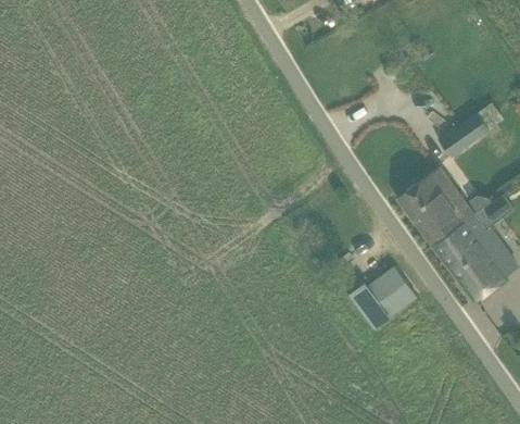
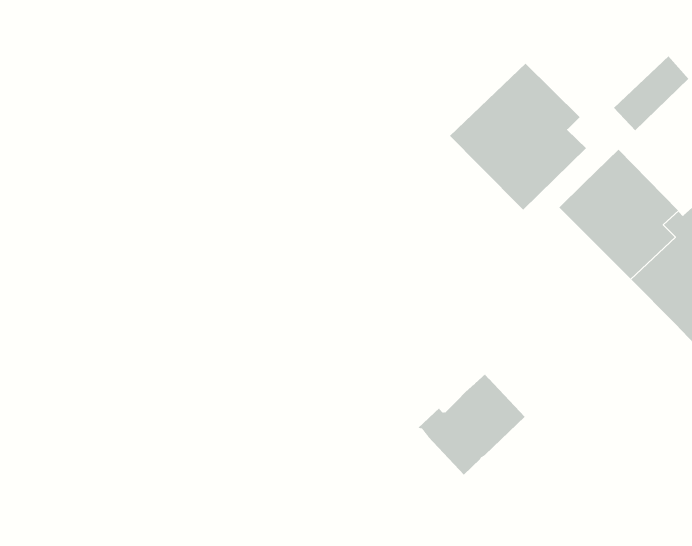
building: none -> [449,63,587,211]
building: [350,265,418,327] -> [418,373,526,475]

